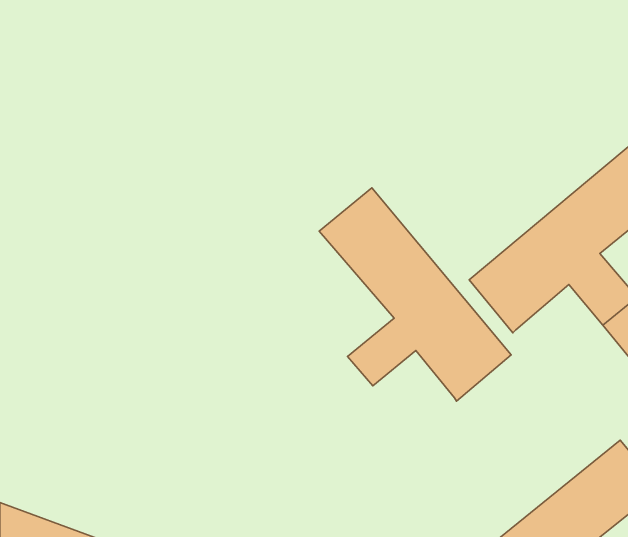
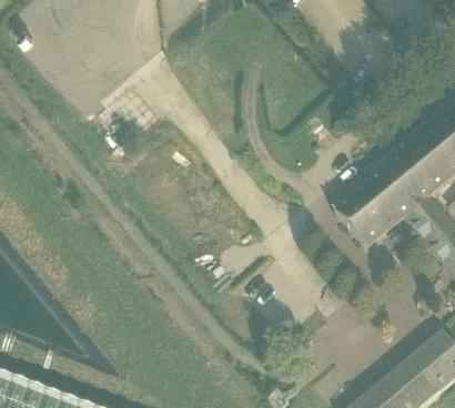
building: [319,188,511,401] -> none

